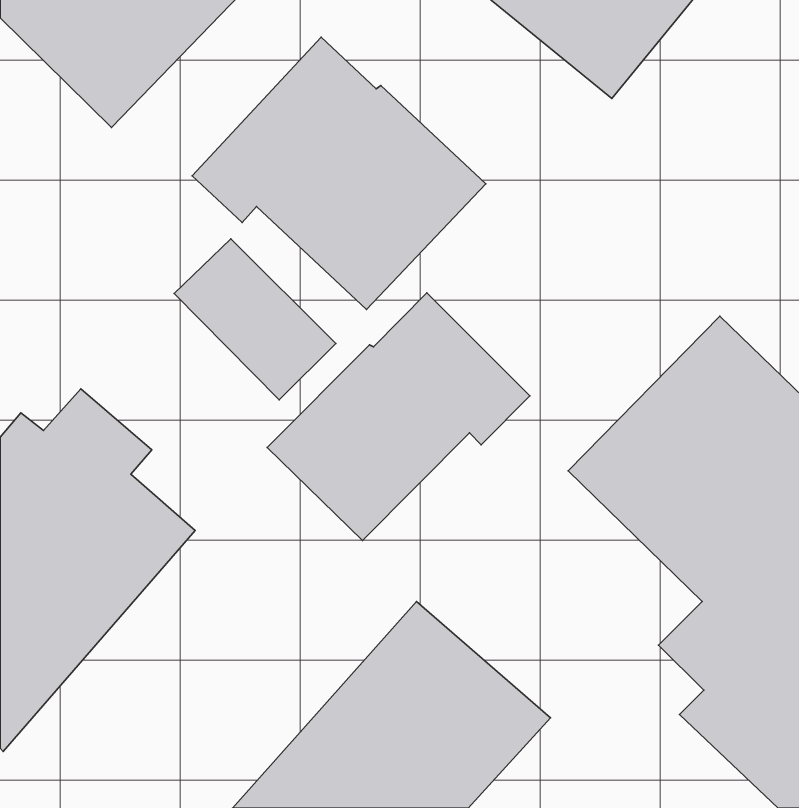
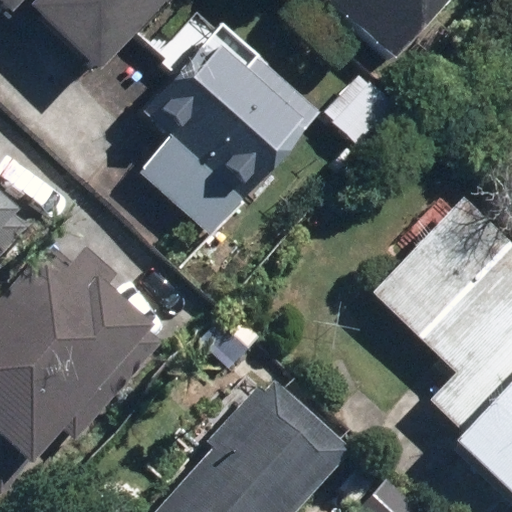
building: [267,293,530,541] -> none

